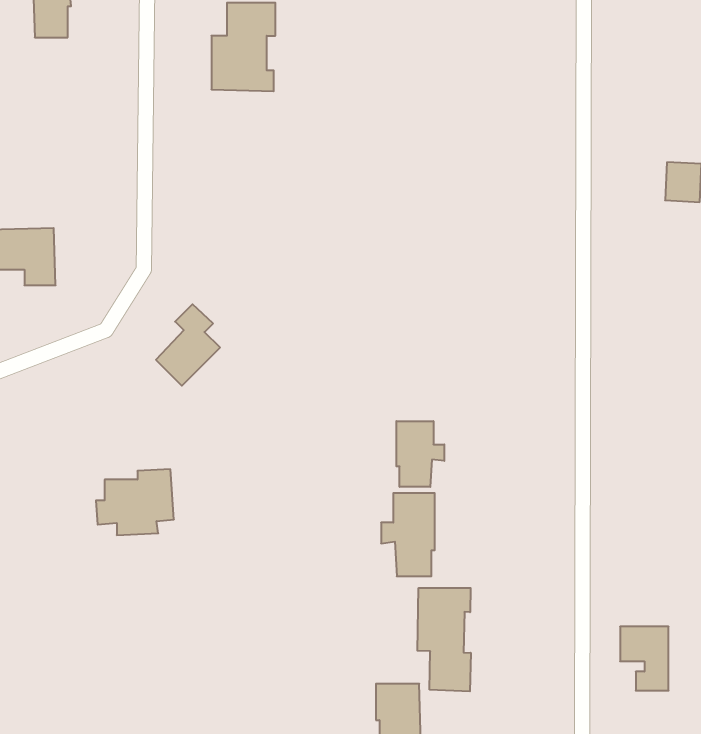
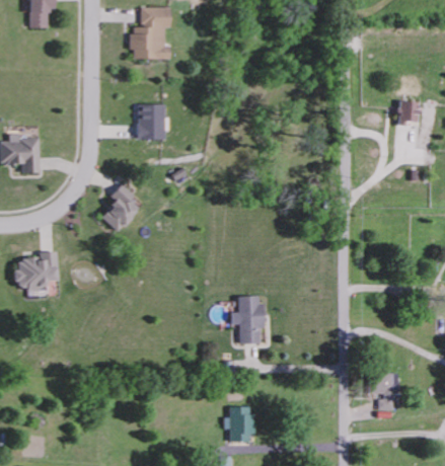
building: none -> [138,105,164,140]
building: [396,421,444,487] -> none
building: [96,469,174,535] -> [13,250,59,289]
building: [417,588,471,691] -> none

